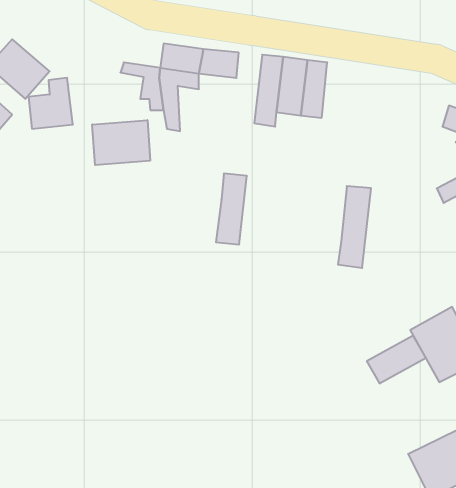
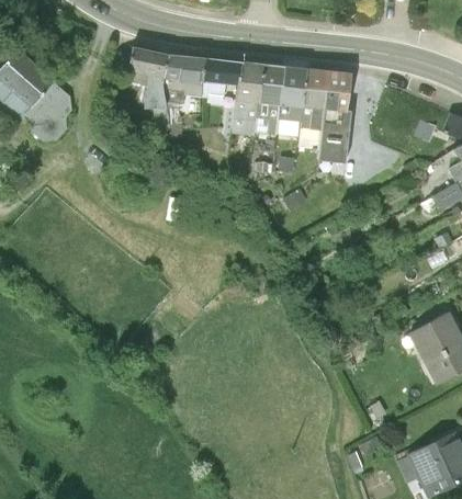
building: none -> [123,46,162,76]
building: [92,120,150,165] -> none
building: [216,174,247,244] -> [229,60,260,131]
building: [338,186,371,268] -> [316,70,349,151]
building: [367,336,426,384] -> none

